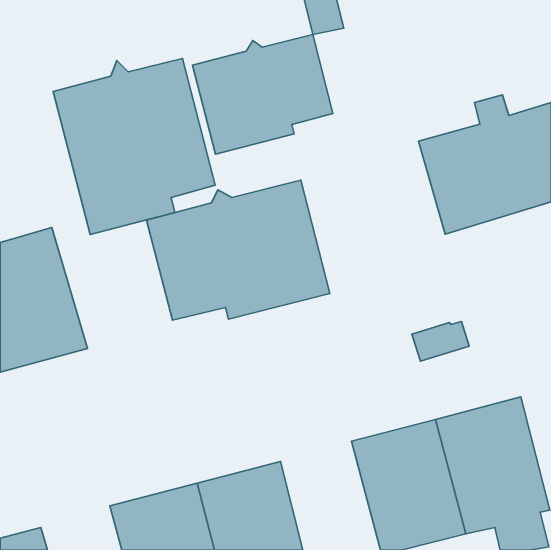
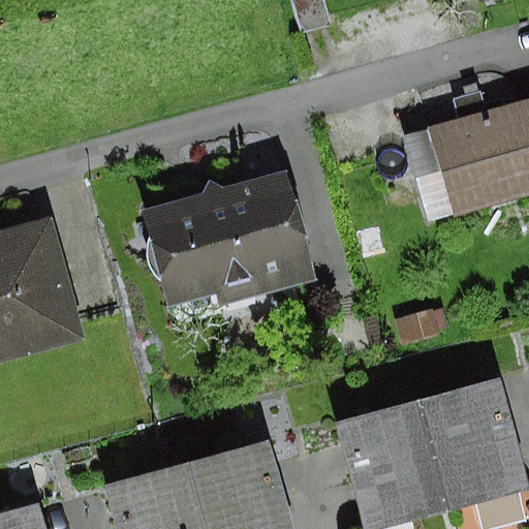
building: [193,35,333,154] -> none
building: [53,59,215,235] -> none

